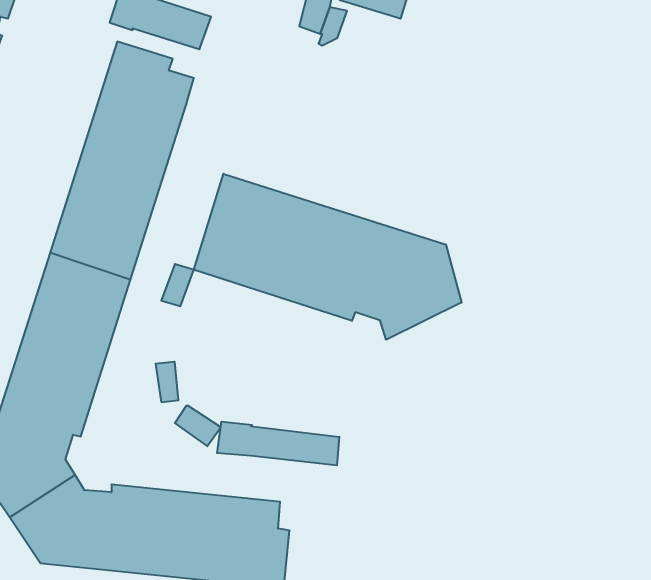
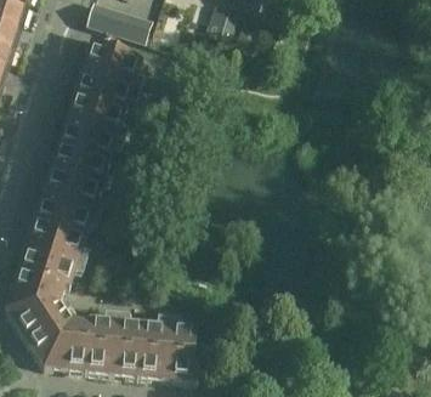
building: [194,174,462,340] -> none
building: [217,422,339,465] -> none

